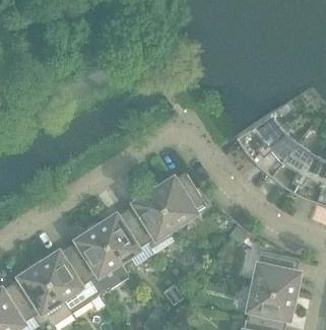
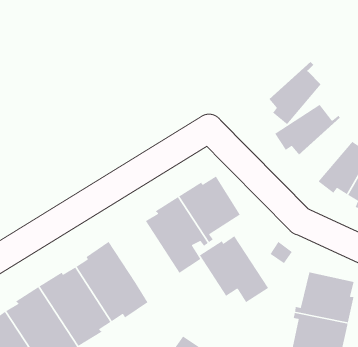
building: [253,124,297,177] -> [269,61,322,125]
building: [96,209,154,265] -> [199,235,269,303]

